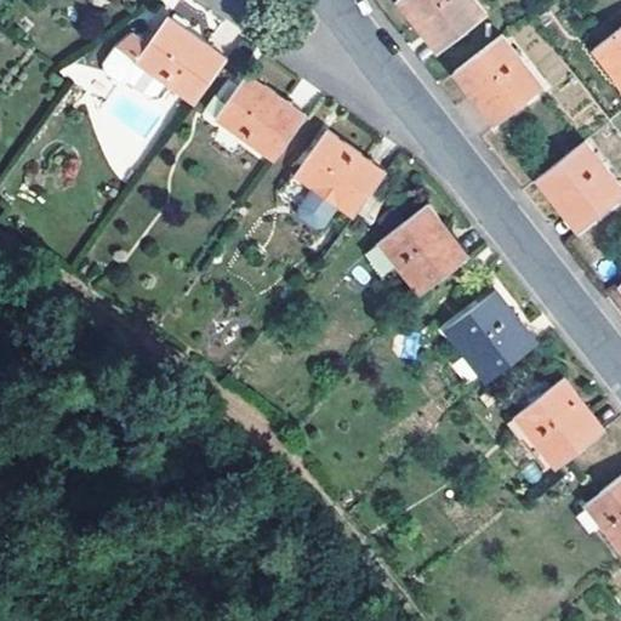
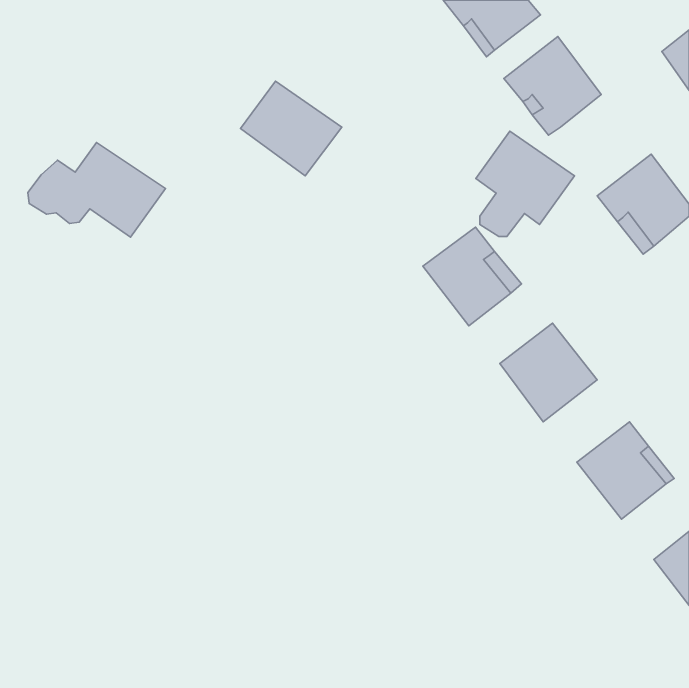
building: [103,18,227,103] -> [28,143,166,237]
building: [298,132,387,227] -> [476,131,575,237]

